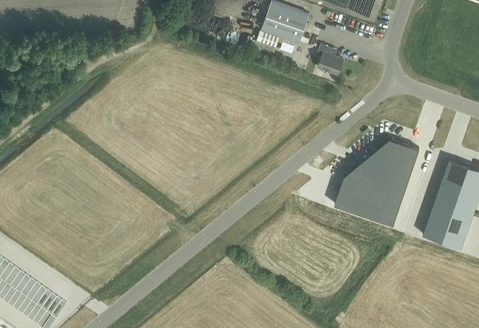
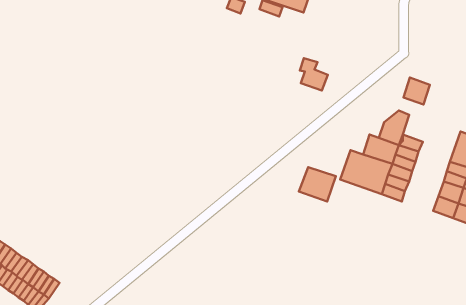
building: [316,45,343,76] -> [300,58,328,90]
building: [394,142,419,168] -> [404,77,430,105]
building: none -> [299,167,336,201]

